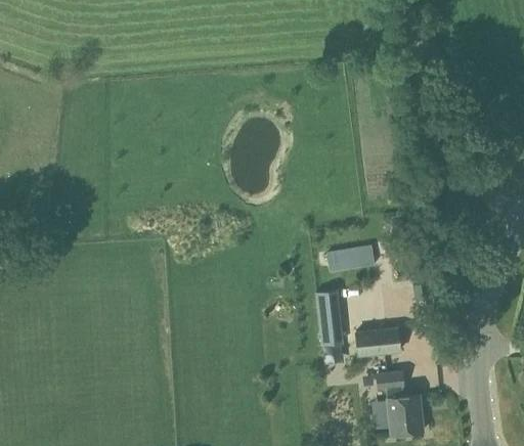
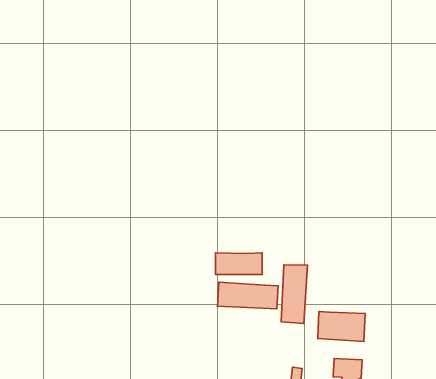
building: [326,246,374,273] -> [215,253,262,275]
building: none -> [217,282,278,309]

